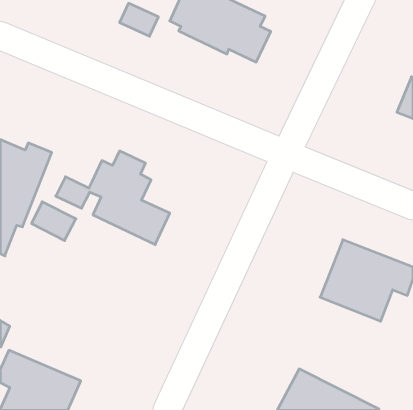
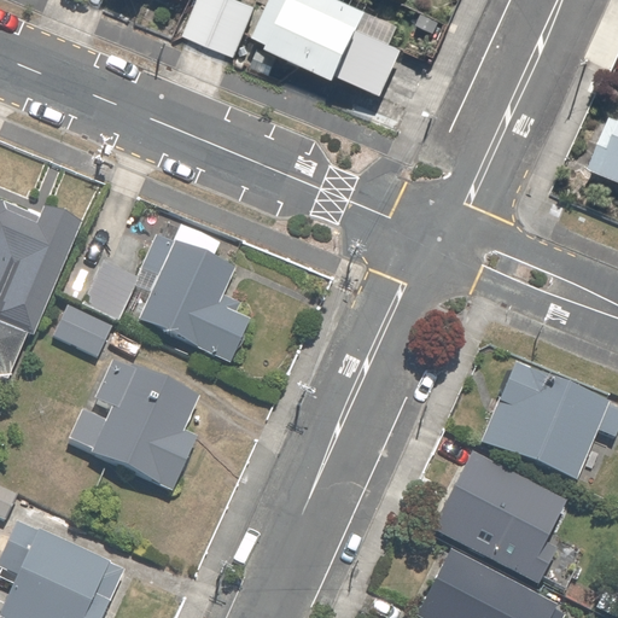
building: none -> [64,350,202,486]
building: none -> [431,455,566,584]

